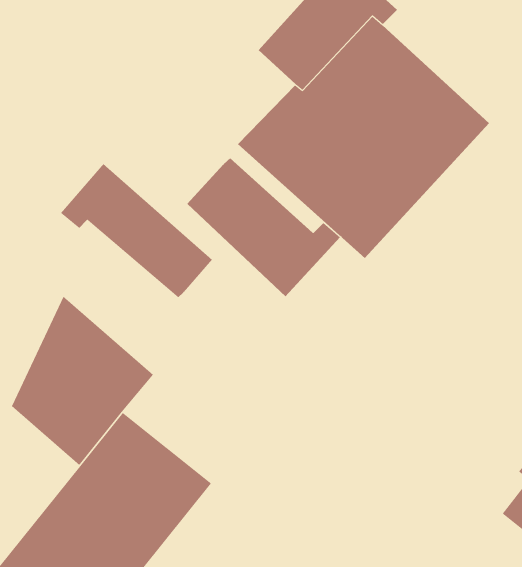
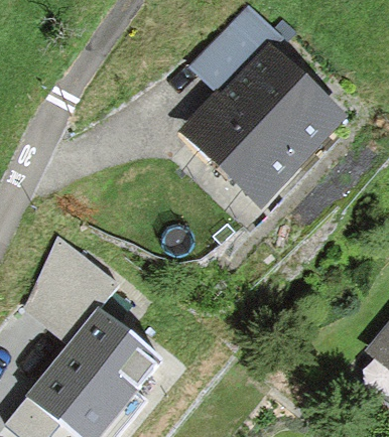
building: [186,157,341,297] -> none
building: [60,163,213,298] -> none

